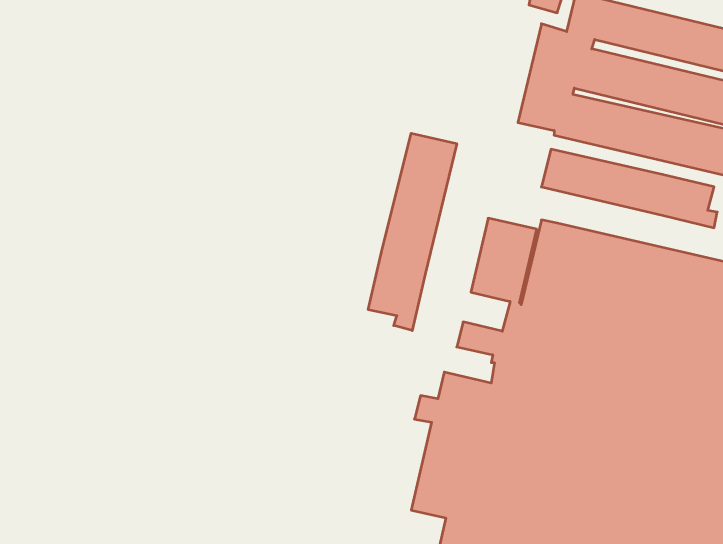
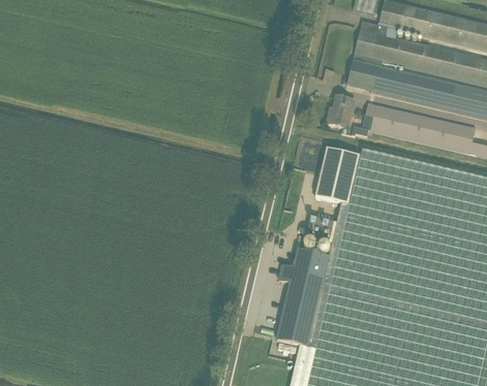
building: [368,133,457,331] -> none
building: none -> [327,95,355,128]

